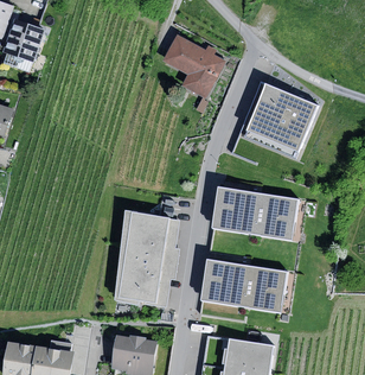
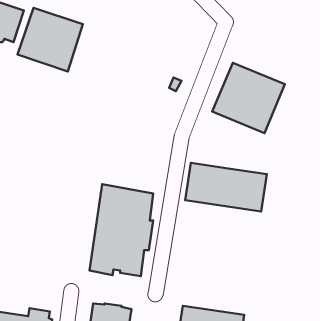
building: none -> [17,8,83,71]
building: [162,34,225,98] -> none
building: [201,259,287,310] -> none

